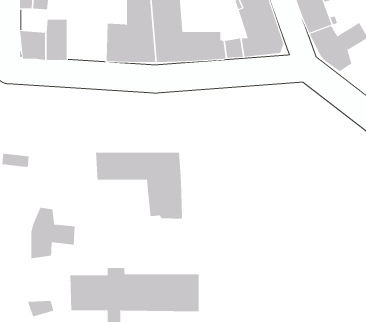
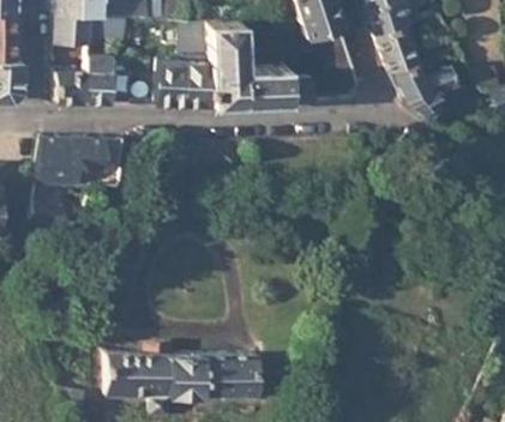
building: none -> [41,137,128,182]
building: [95,152,183,220] -> none
building: [31,207,75,259] -> none

